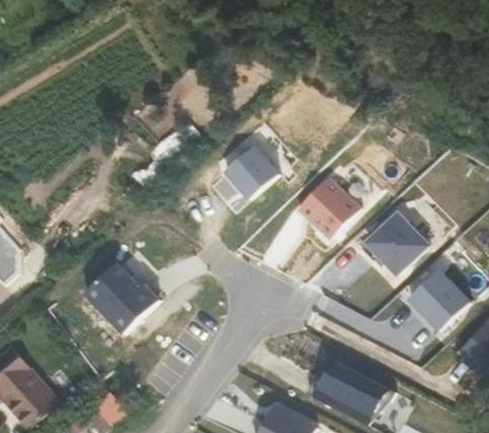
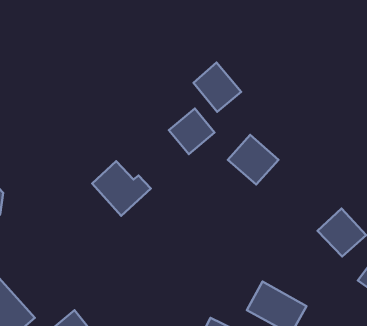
building: none -> [194,63,241,112]
building: [363,210,426,275] -> none
building: [90,265,163,332] -> [92,161,151,216]

